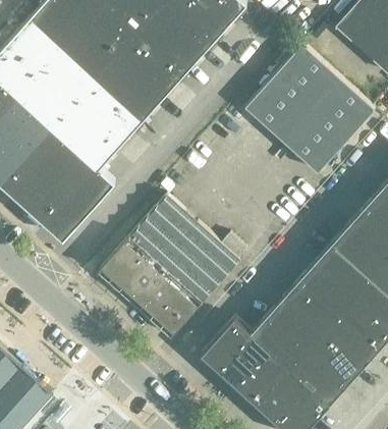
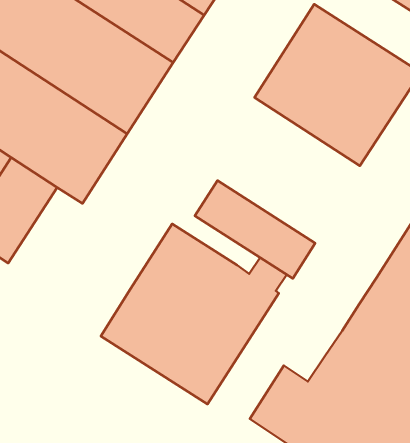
building: [36,154,115,236] -> none
building: none -> [195,180,315,278]

